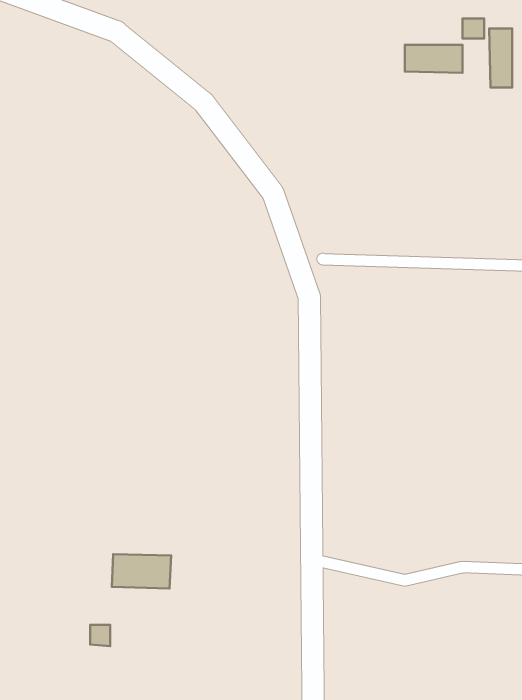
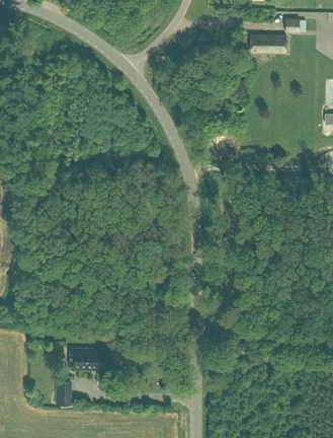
building: [489,29,512,87] -> none

